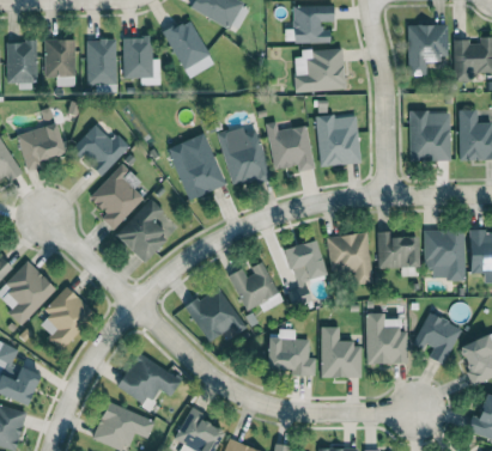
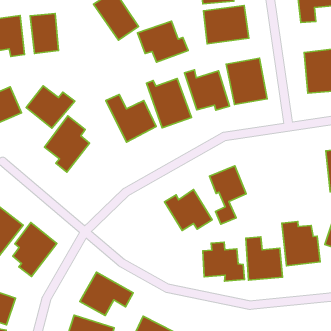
building: [123,37,162,85] -> none
building: none -> [138,21,188,62]
building: [116,199,180,262] -> none
building: [328,232,373,285] -> none
building: [378,232,419,268] -> none
building: [186,285,247,342] -> none

